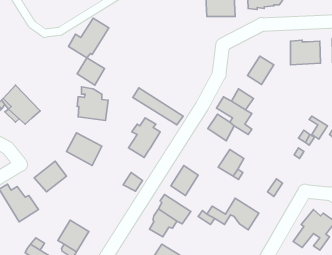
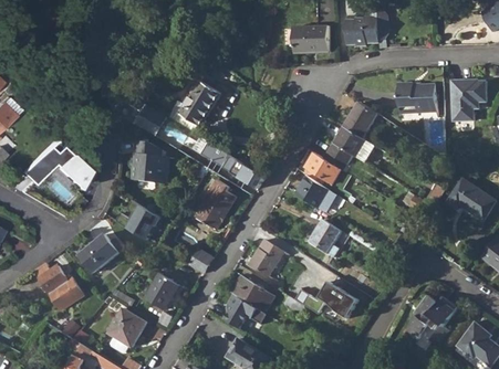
building: [68,18,109,58] -> [169,82,220,131]
building: none -> [334,127,376,162]
building: none -> [144,274,179,310]

